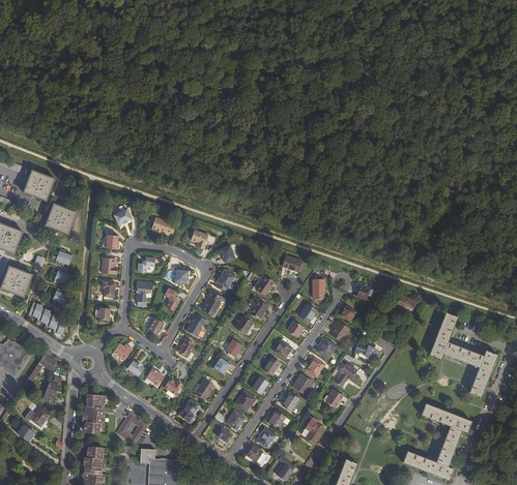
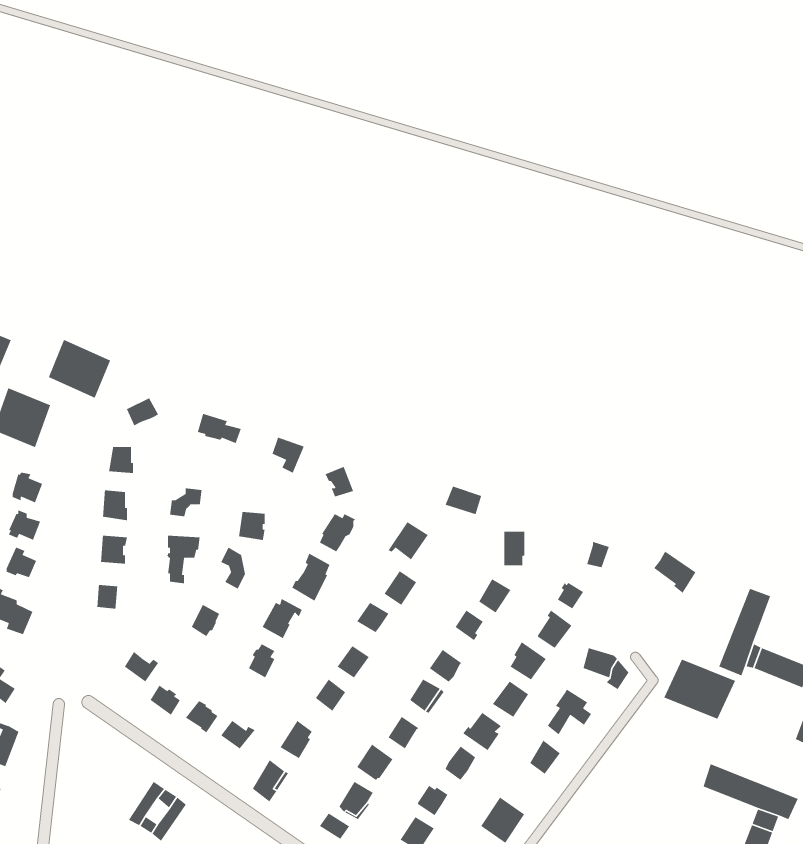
building: none -> [48,339,111,399]
building: none -> [663,659,736,720]
building: [83,392,103,432] -> none

